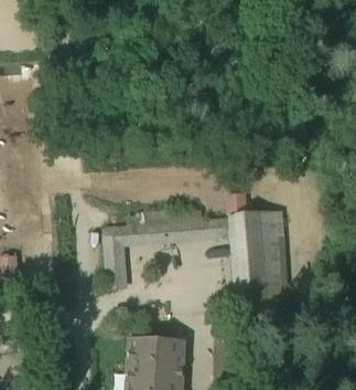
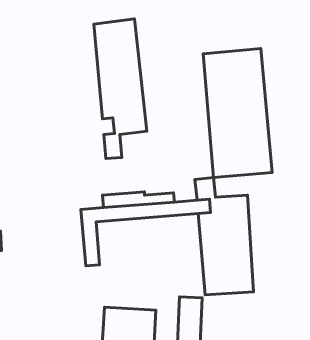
building: none -> [94,19,147,158]
building: none -> [203,49,272,178]

